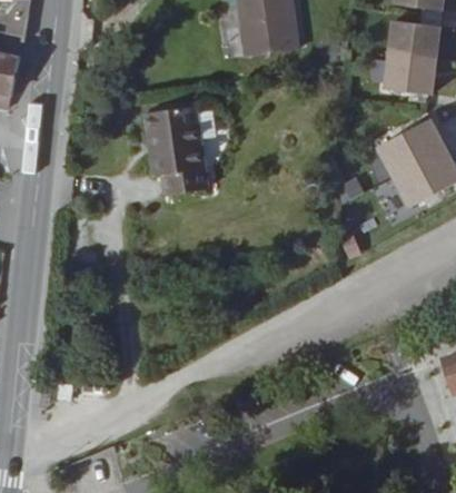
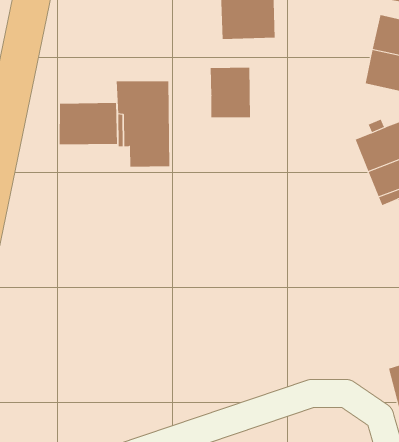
building: none -> [210,67,251,118]
building: none -> [59,102,118,145]

